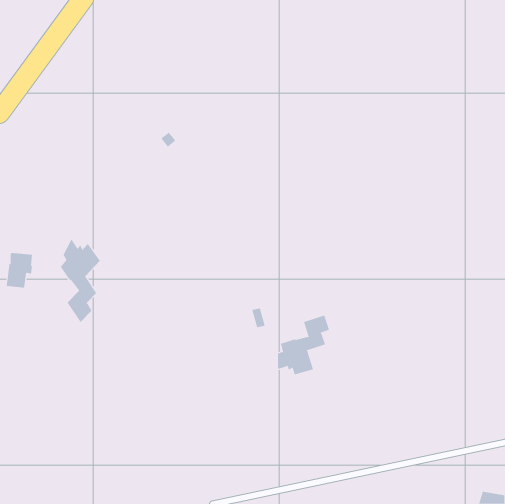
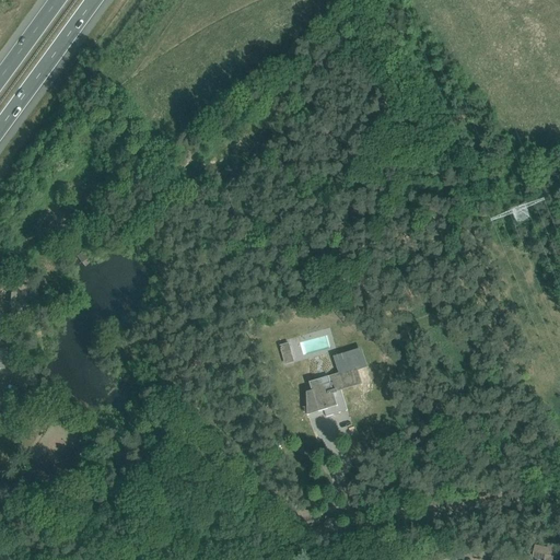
building: [60,234,100,323] -> none

